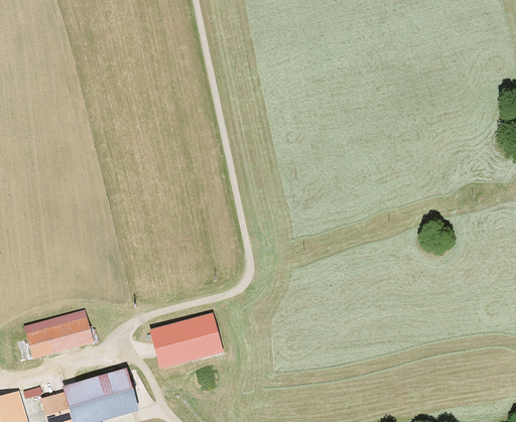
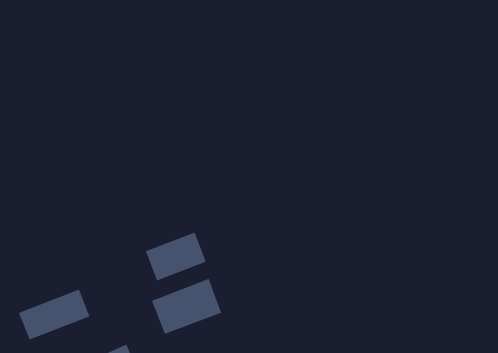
building: none -> [145,231,207,281]

